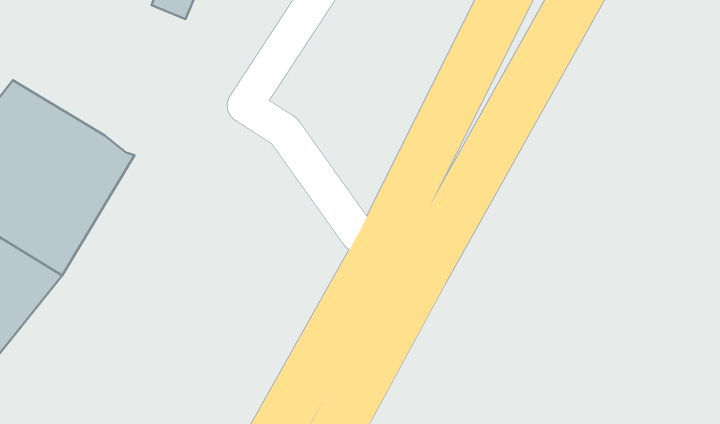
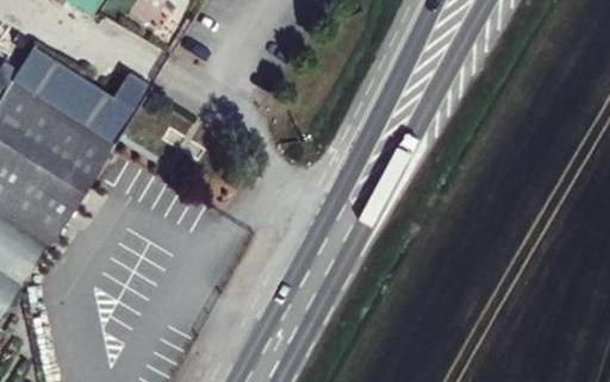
building: none -> [12,45,151,142]

